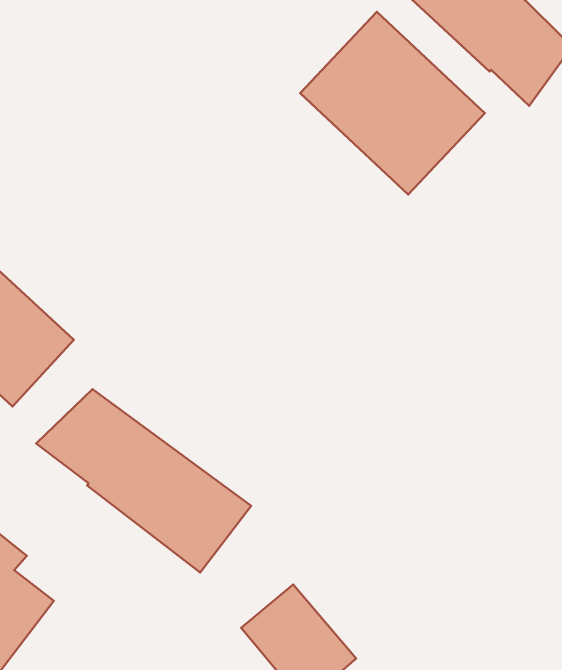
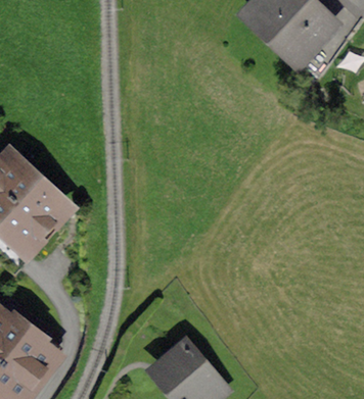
building: [300,12,485,194] -> none
building: [36,389,251,573] -> none

